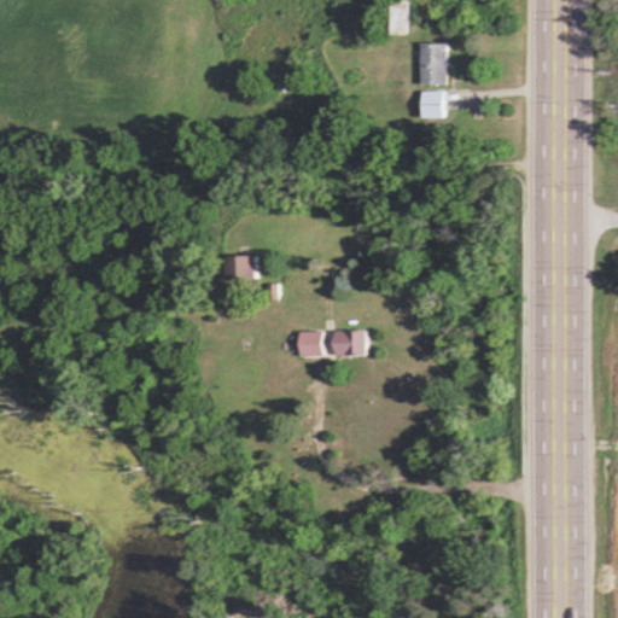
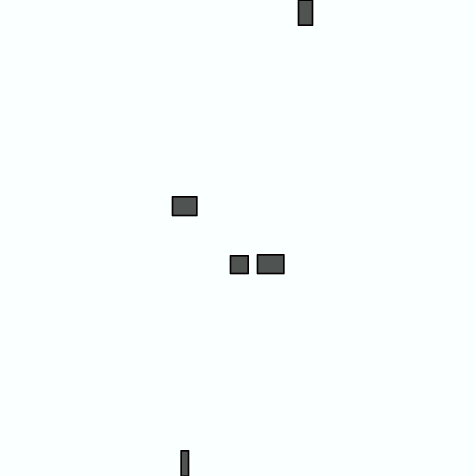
building: [420,42,447,84] -> none
building: [421,92,443,118] -> none

